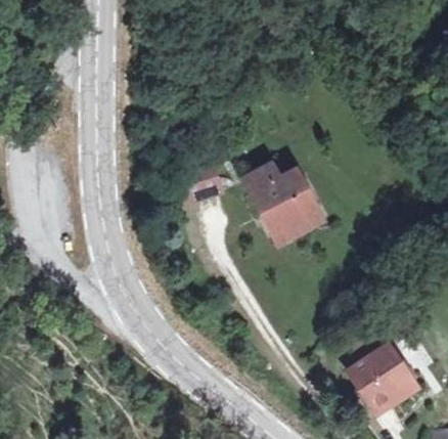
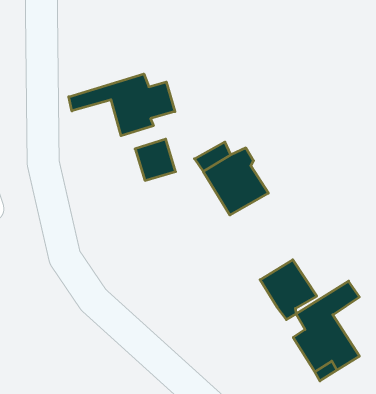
building: none -> [69,74,175,136]
building: none -> [260,260,317,320]

